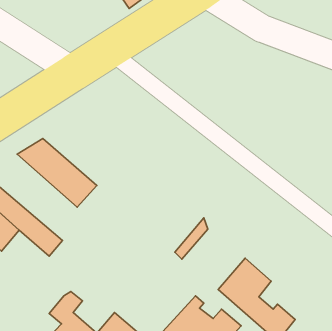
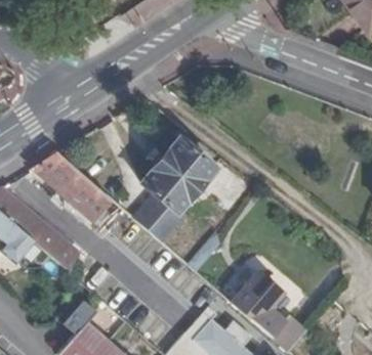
building: none -> [135,138,215,242]

